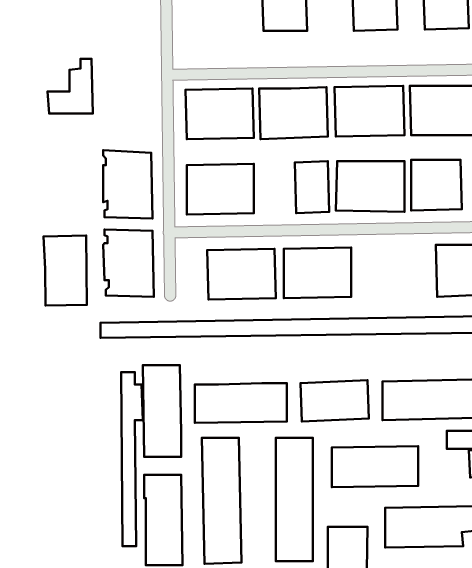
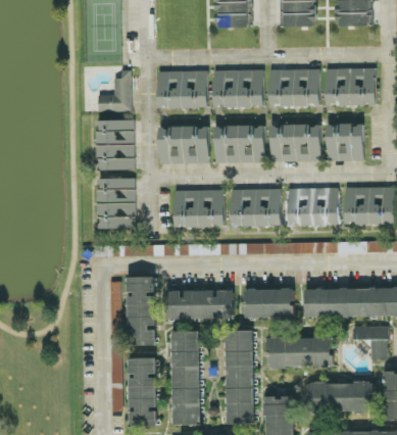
building: [48,59,93,114] -> [97,68,131,109]
building: none -> [214,126,239,163]
building: [44,236,87,306] -> none
building: none -> [288,188,340,226]

